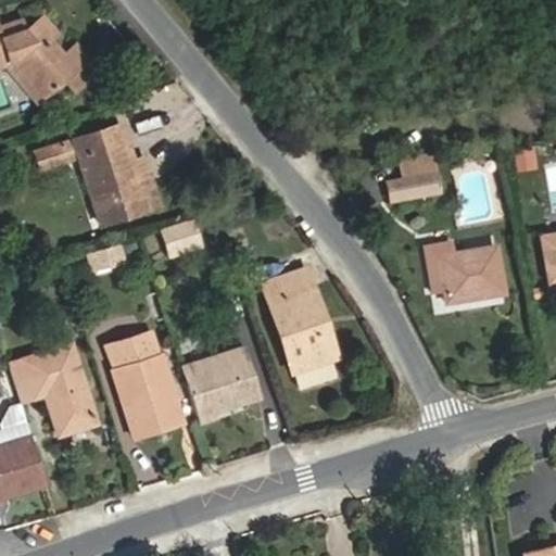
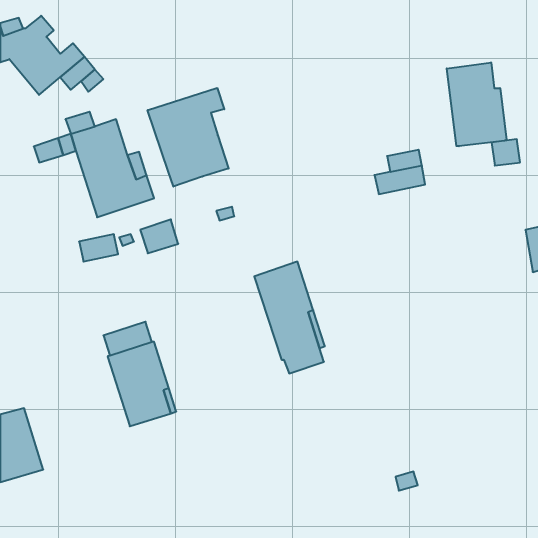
building: none -> [447,62,507,146]
building: none -> [148,88,229,187]
building: [425,245,504,303] -> none
building: [8,344,97,434] -> none
building: [181,348,261,421] -> none

